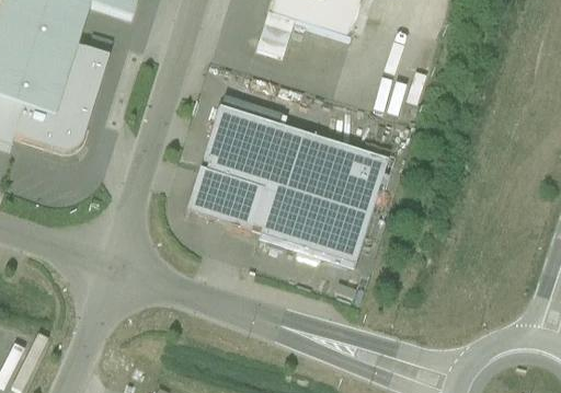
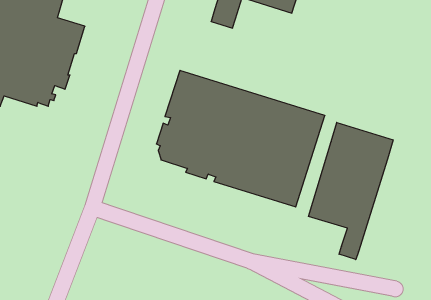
building: none -> [308,122,393,260]

